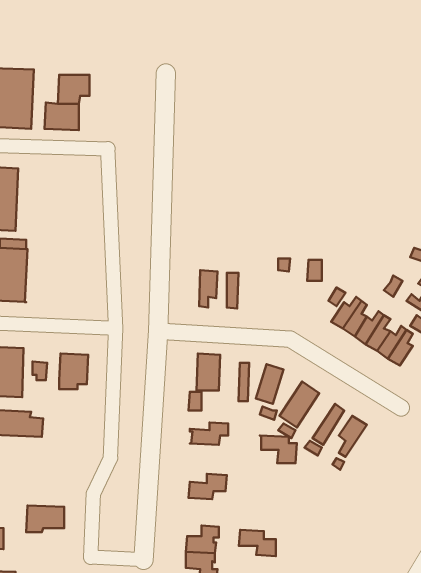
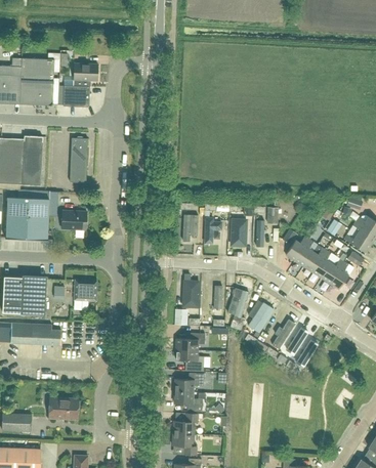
building: none -> [70,137,88,182]
building: none -> [61,210,86,229]
building: none -> [229,219,247,247]
building: [260,435,297,463] -> [175,349,204,371]
building: [239,530,276,556] -> [173,391,202,412]

